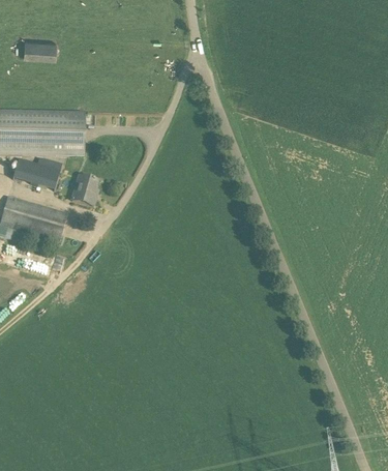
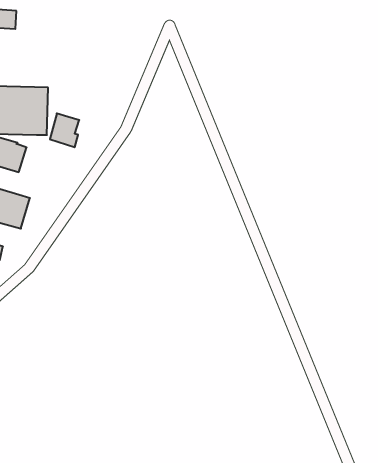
building: [70,175,97,206] -> [50,113,79,147]

